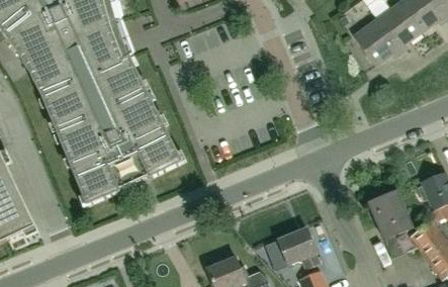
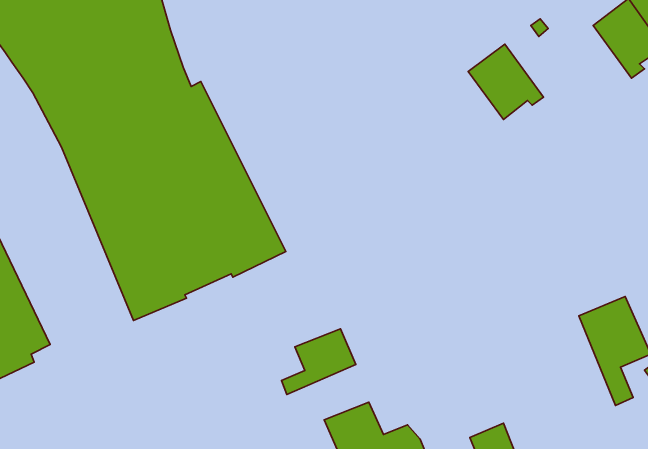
building: [353,19,400,67] -> [468,44,543,120]
building: none -> [281,329,356,395]
building: [277,227,320,270] -> none

